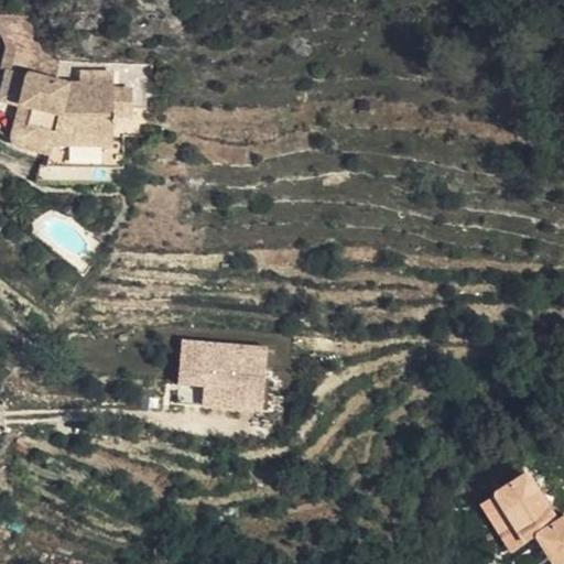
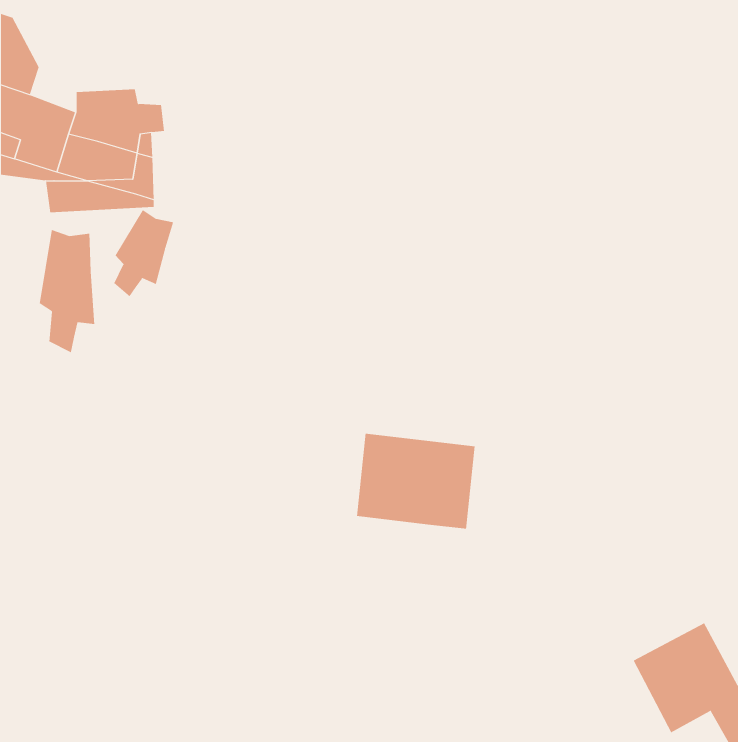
building: none -> [114,209,174,297]
building: none -> [39,229,95,353]
building: [173,336,263,409] -> [356,433,476,529]

